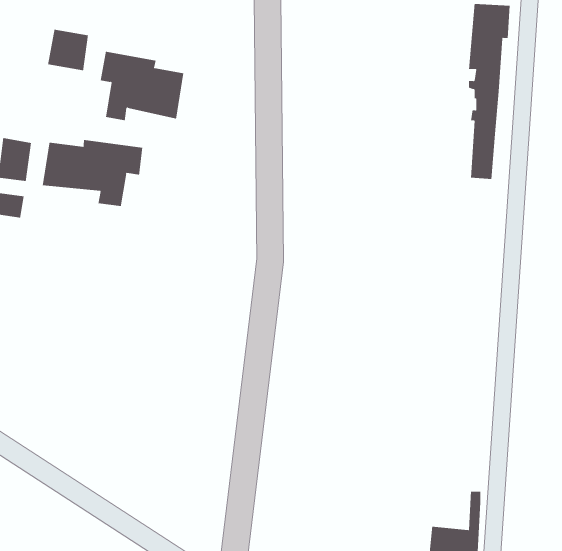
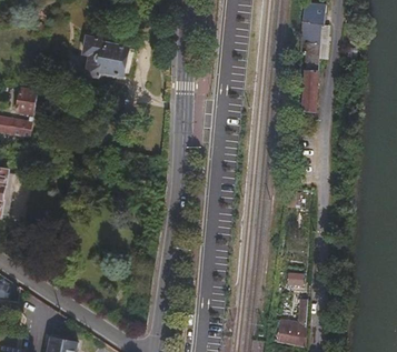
building: [47,29,89,71] -> none
building: [42,139,143,207] -> none

